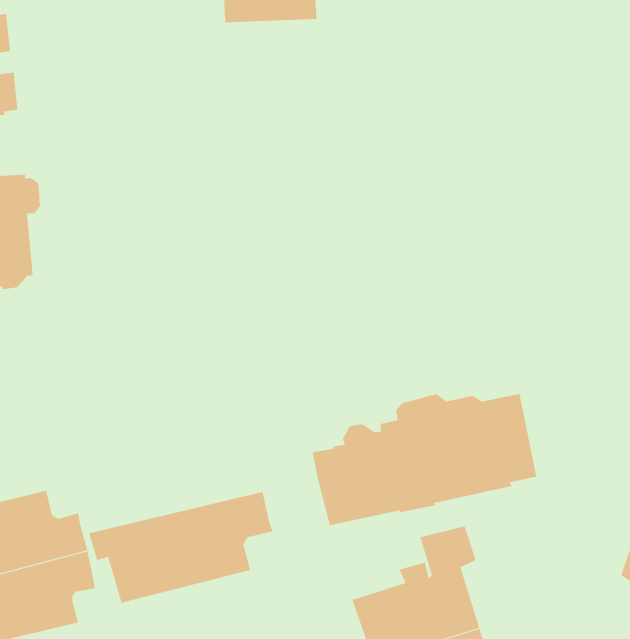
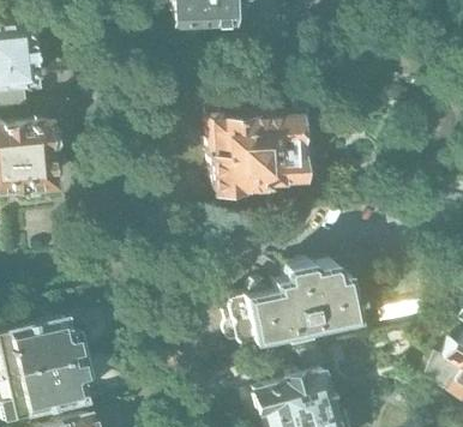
building: none -> [211,112,315,194]
building: [89,491,273,603] -> none

